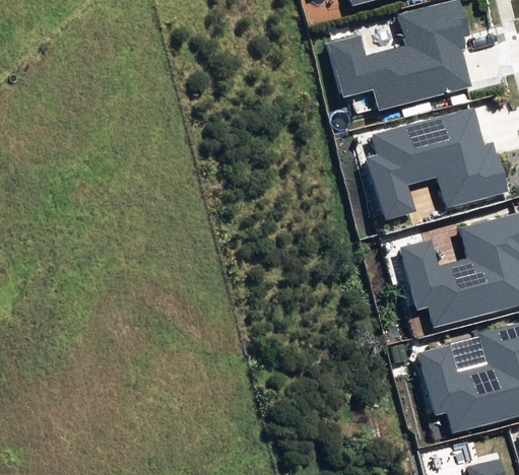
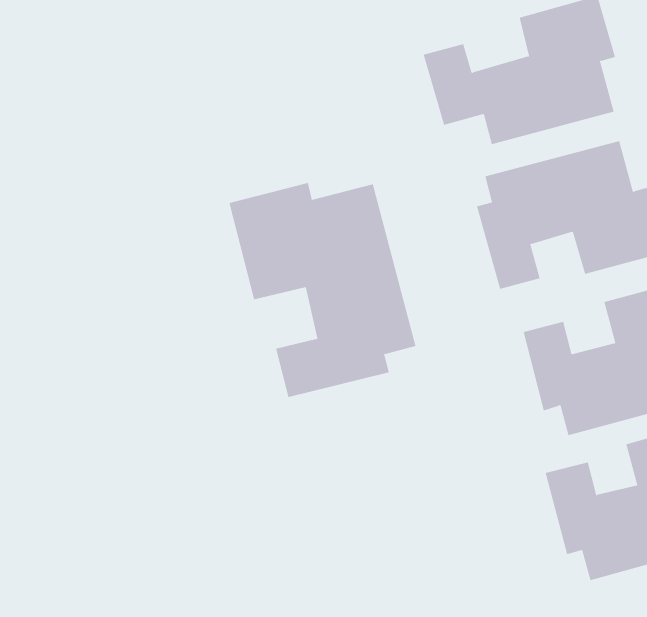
building: none -> [229,182,416,398]

